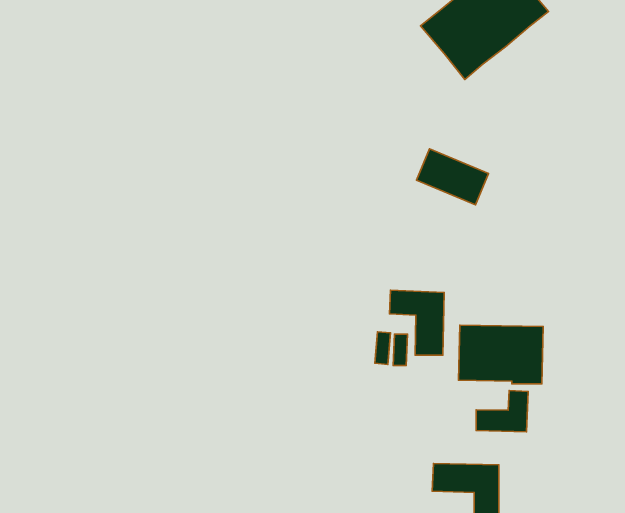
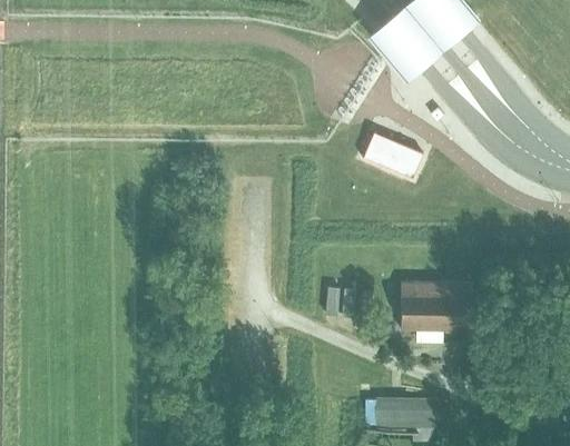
building: [390,290,444,355] -> none
building: [476,391,528,432] -> none

